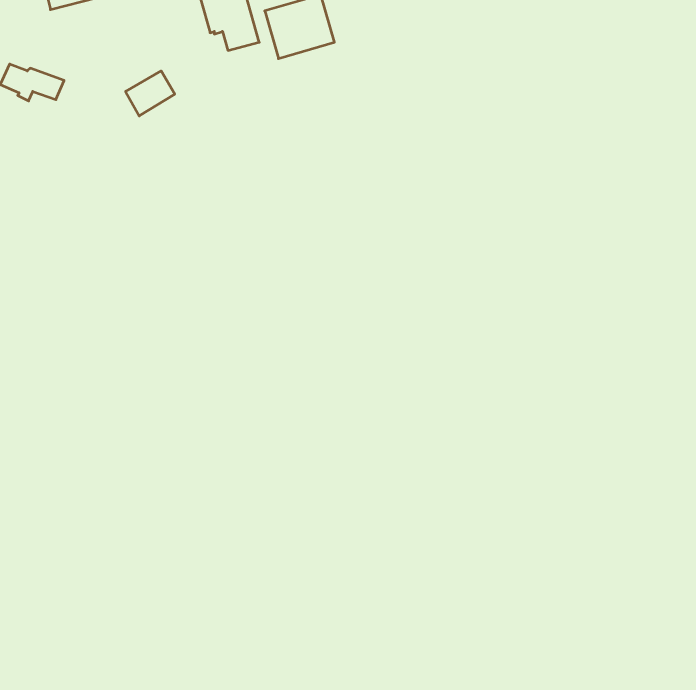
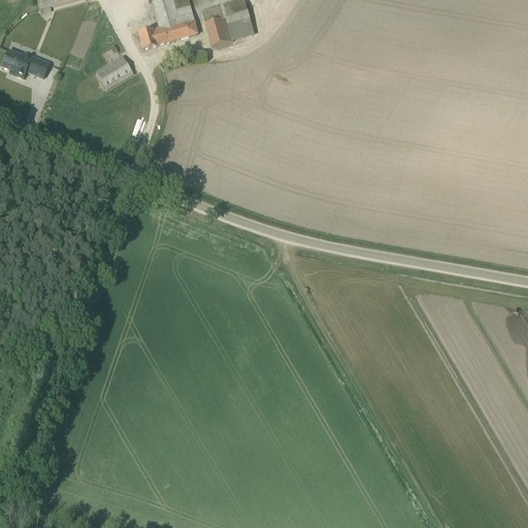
building: none -> [137,24,172,46]

